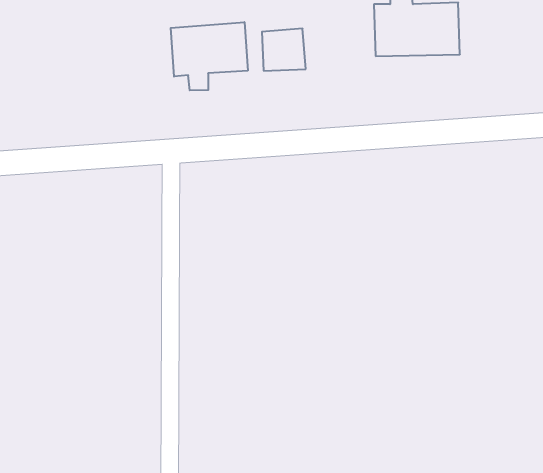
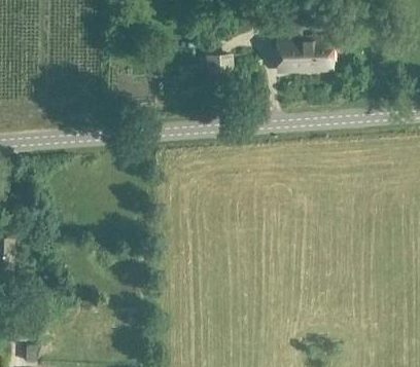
building: [171,22,248,90] -> none

